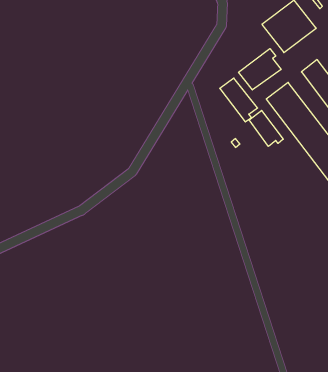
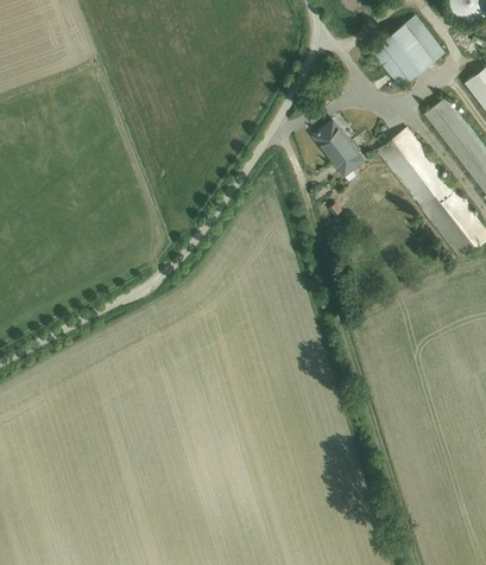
building: [239,49,281,90] -> none
building: [249,110,283,146] -> none

